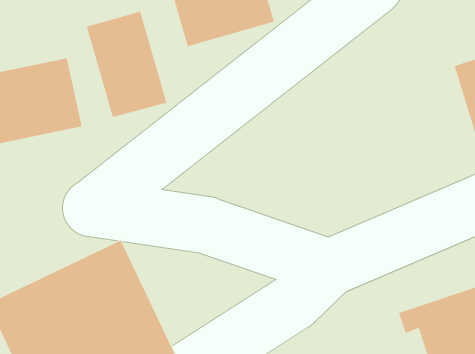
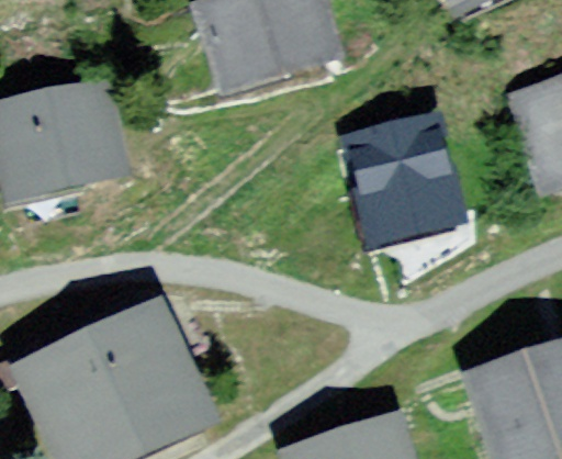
building: [86,11,167,118] -> none
building: none -> [355,125,453,234]

